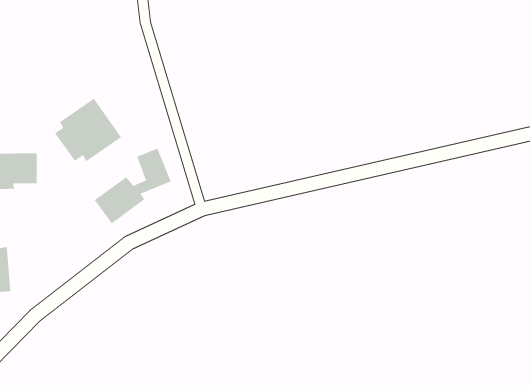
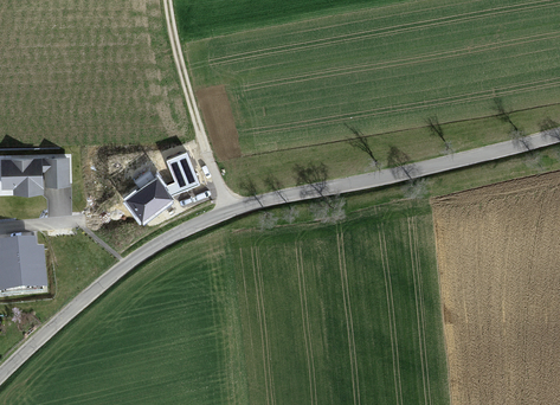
building: [54,98,122,162] -> none

